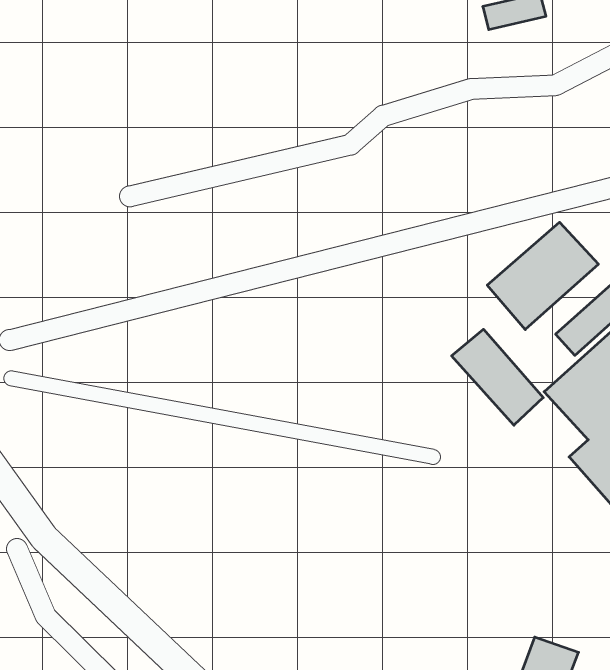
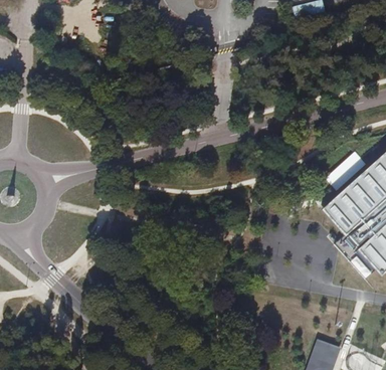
building: [487,222,598,330] -> none
building: [452,329,543,425] -> none

